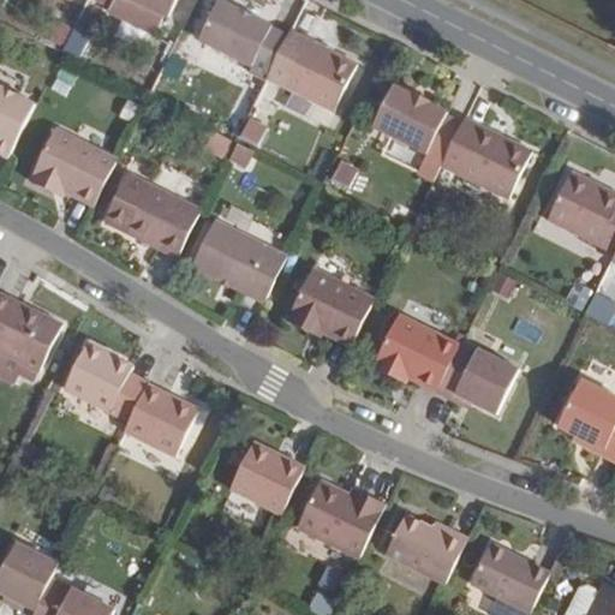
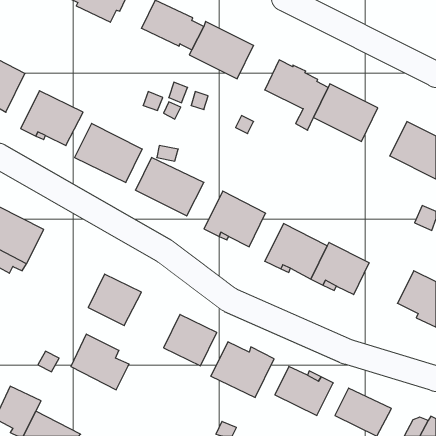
building: [66,340,148,418] -> [71,334,129,390]

